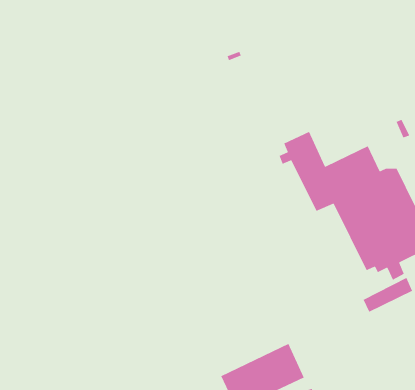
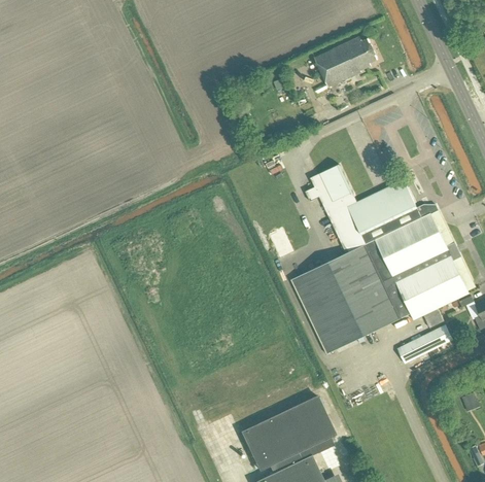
building: none -> [314,38,377,88]
building: none -> [290,245,401,354]

